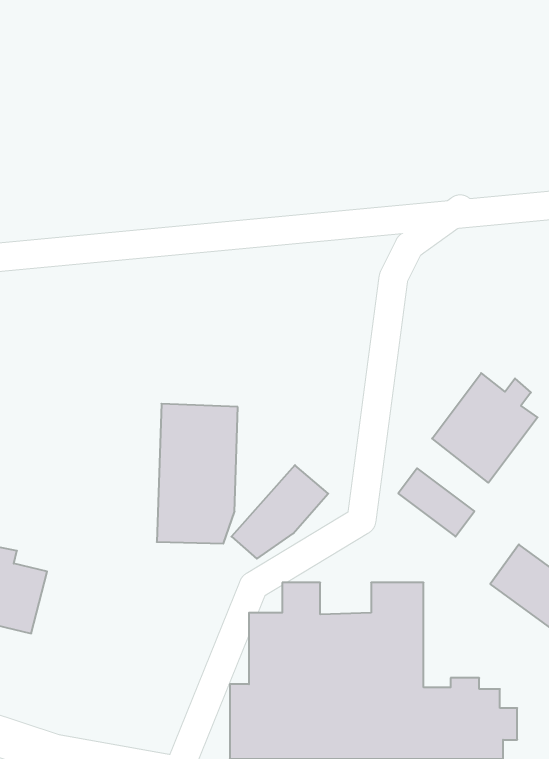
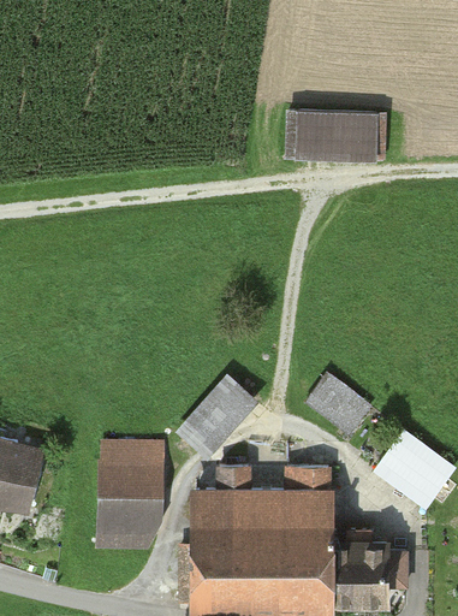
building: none -> [289,113,385,161]
building: [432,373,538,483] -> none
building: [157,404,238,544] -> [100,445,161,551]

